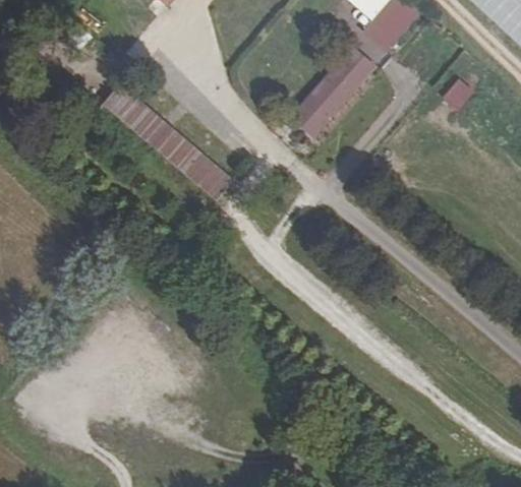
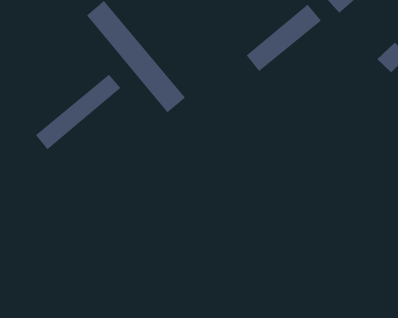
building: none -> [35,74,121,150]

